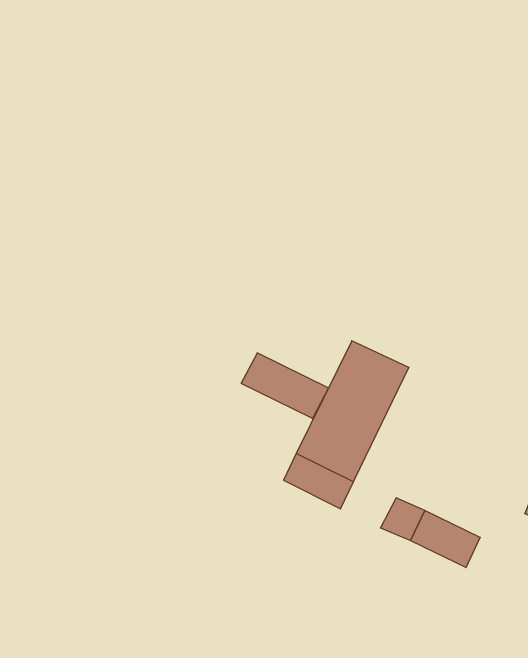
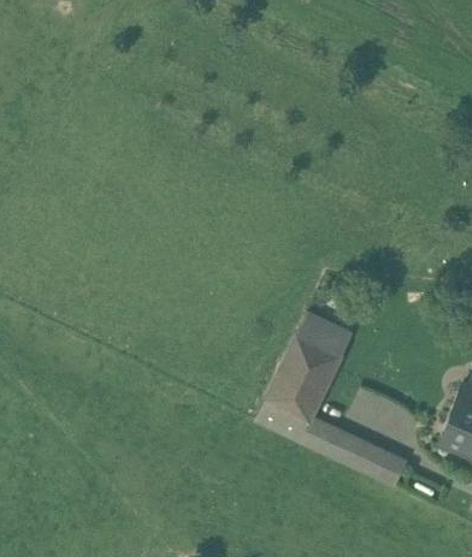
building: [241,353,329,419] -> none
building: none -> [300,417,342,455]

